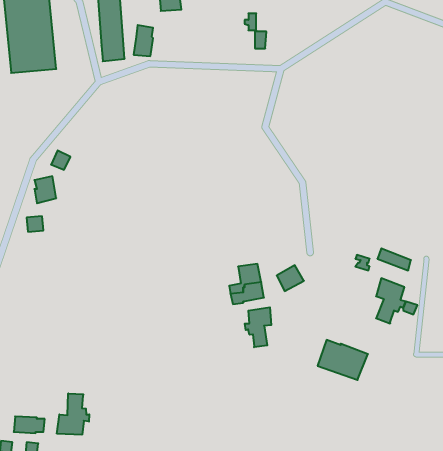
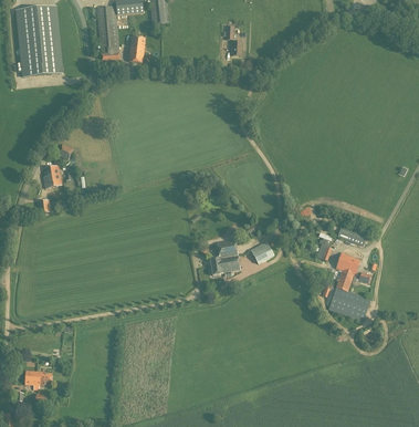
building: [245,307,271,347] -> none
building: [318,340,368,380] -> [327,287,370,321]
building: [57,393,89,435] -> none

